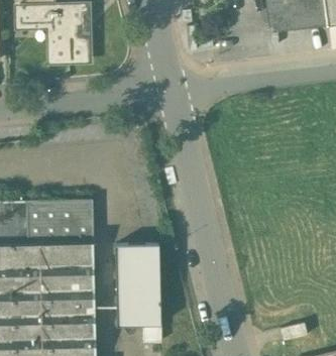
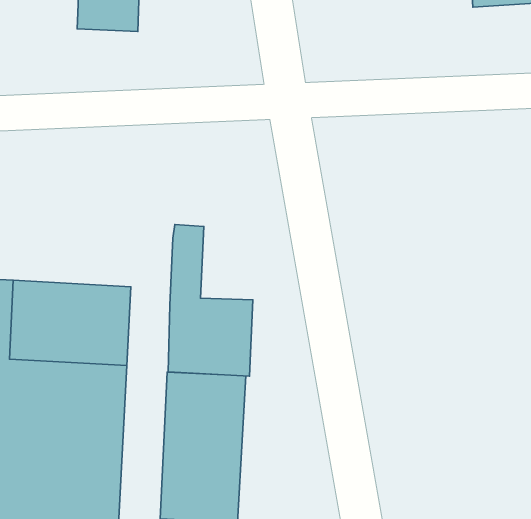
building: none -> [168,224,253,376]

